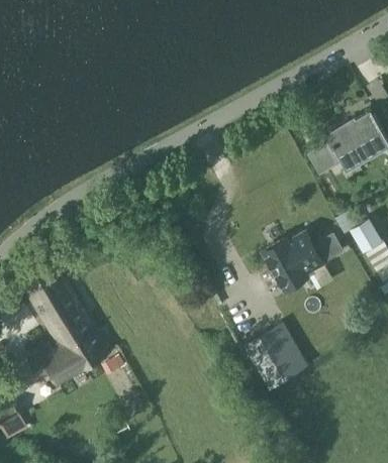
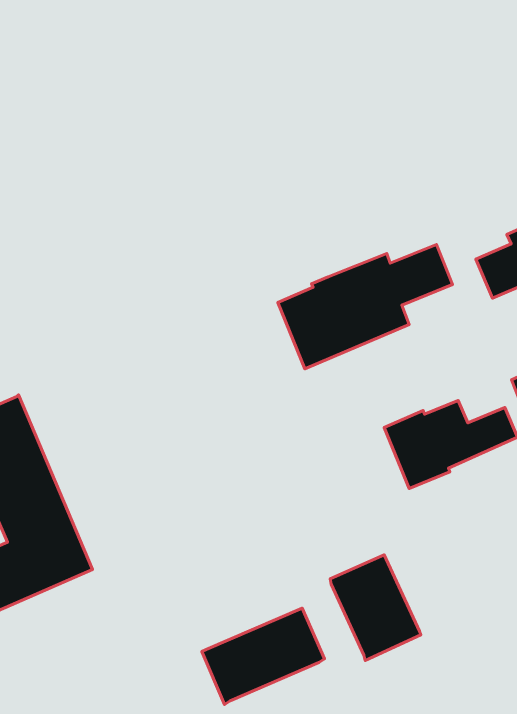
building: none -> [278,245,453,369]
building: none -> [202,608,324,704]

